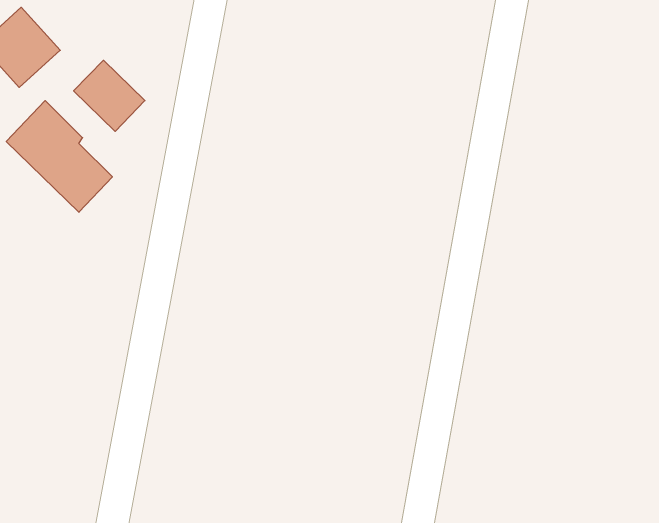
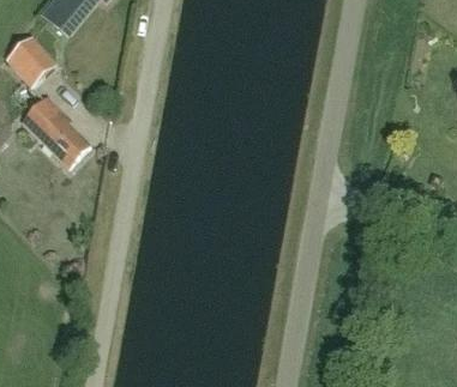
building: [74,60,145,131] -> none

